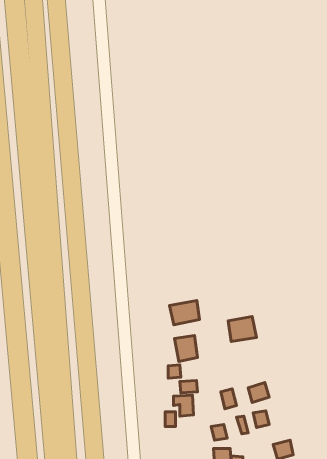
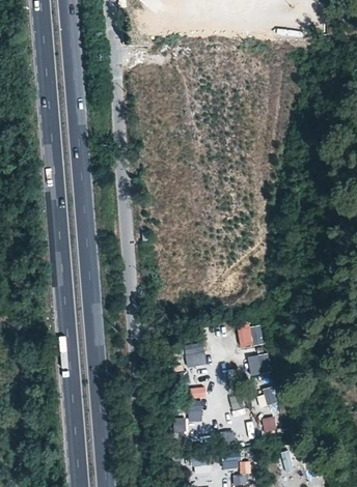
building: [170,300,199,325] -> none
building: none -> [247,354,272,376]

